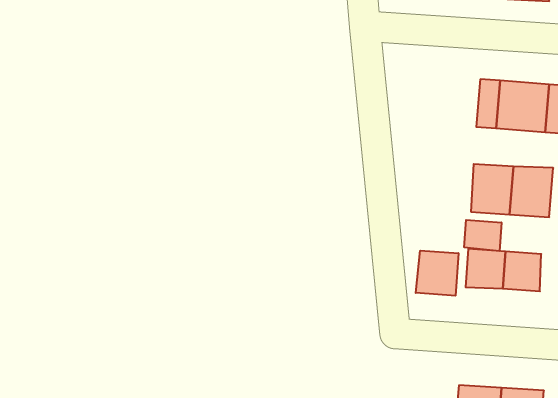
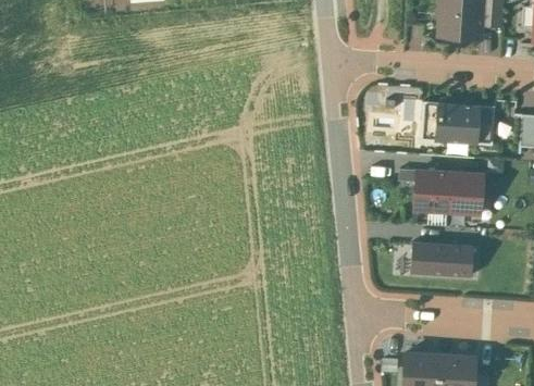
building: [464,220,501,251] -> none
building: [416,251,458,296] -> none

